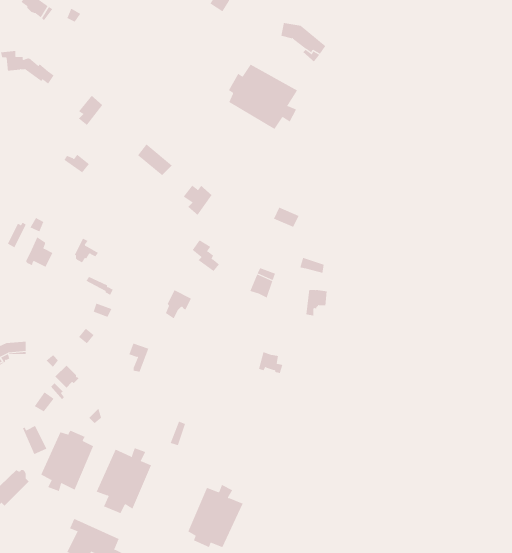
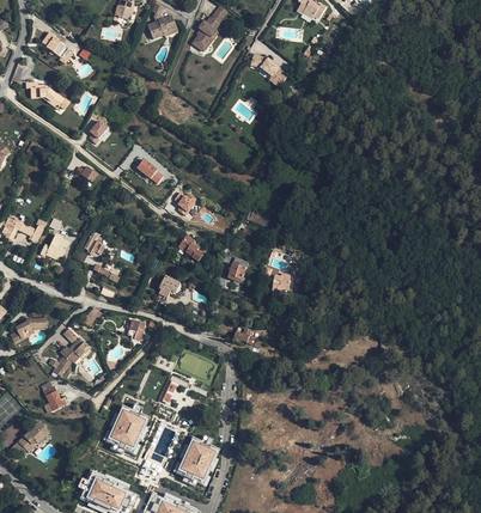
building: [228,64,298,130] -> none
building: [41,430,94,492] -> none

